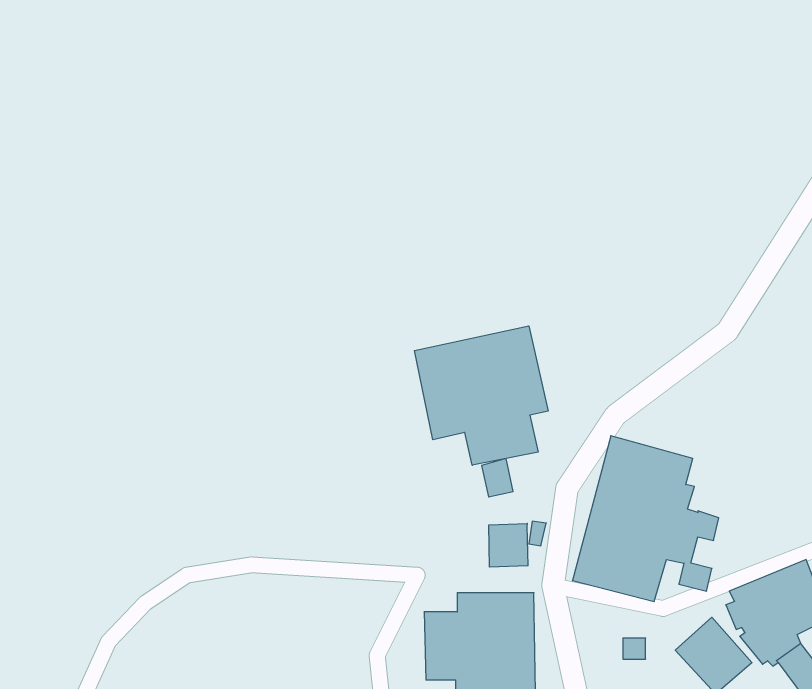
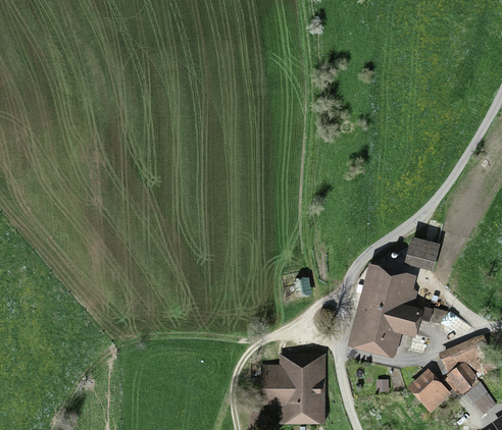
building: [414,326,548,465] -> none
building: none -> [404,235,440,271]
building: [489,523,528,567] -> none

